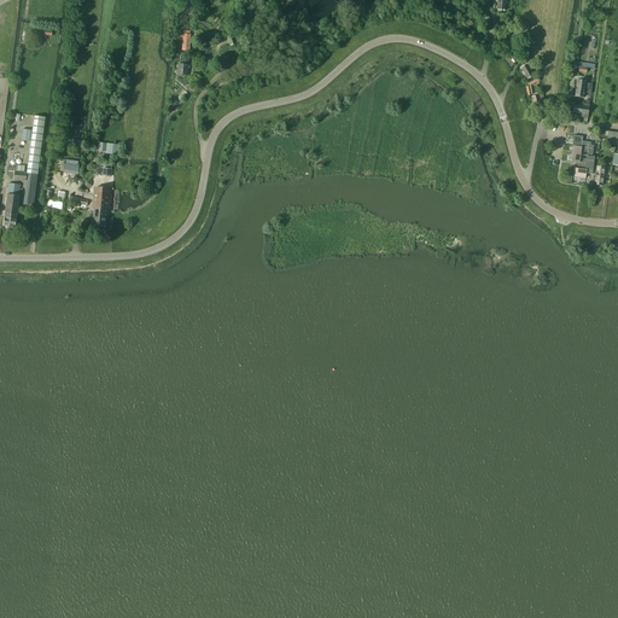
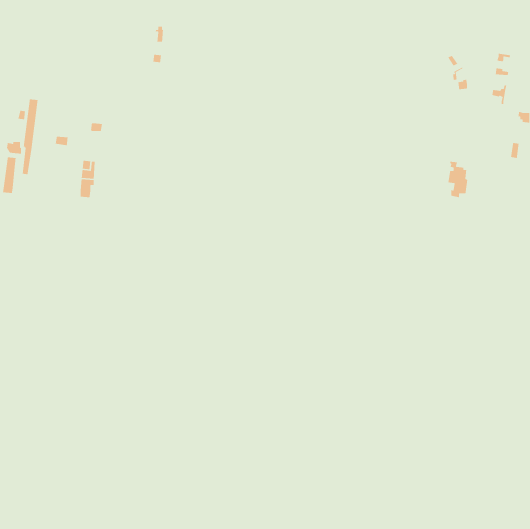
building: [571,134,595,177] -> [448,161,468,198]

